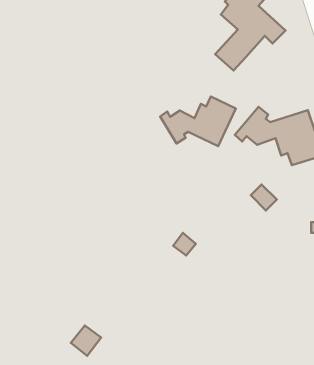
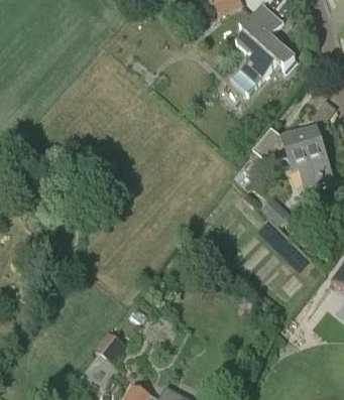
building: [160,97,236,146] -> none

